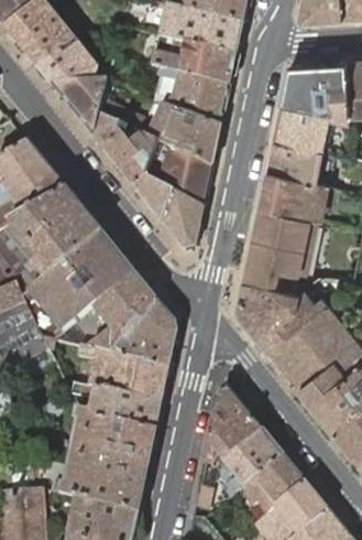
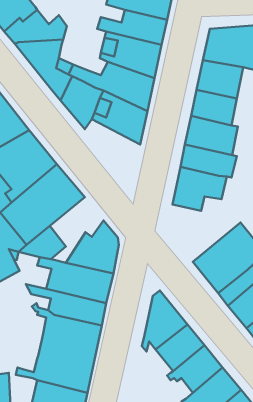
building: [134,177,202,250] -> none
building: [91,273,157,354] -> none
building: [235,282,326,353] -> none

